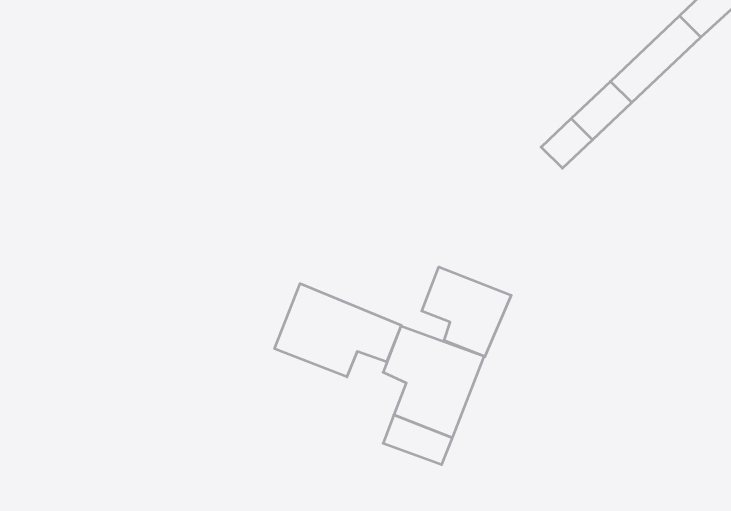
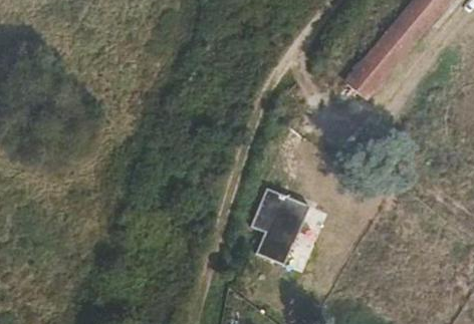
building: [422,267,511,357] -> none
building: [275,284,401,377] -> none

